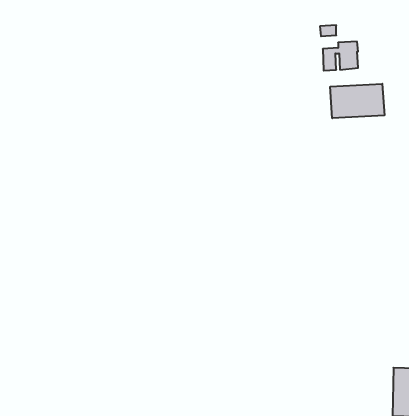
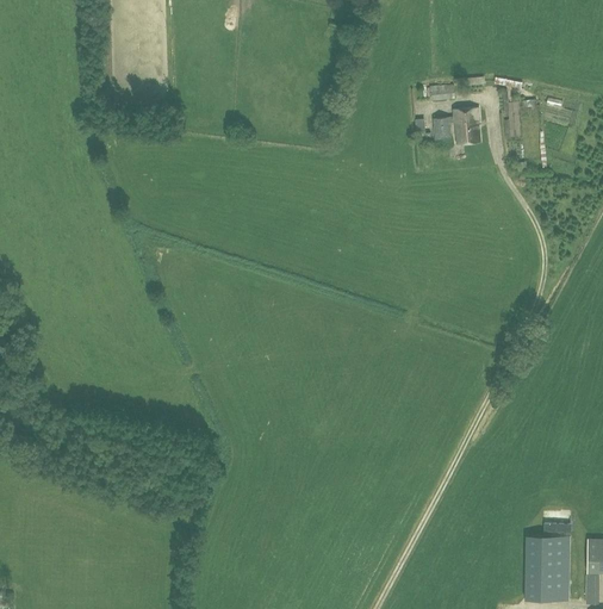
building: [330,84,384,118] -> none

